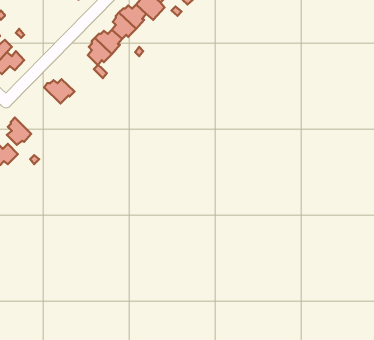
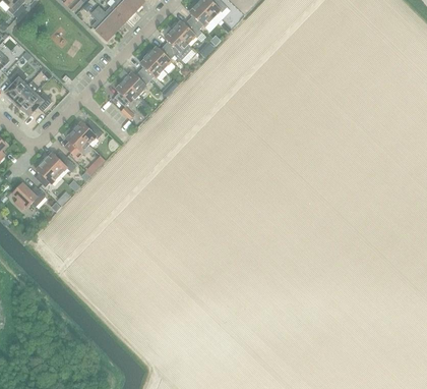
building: none -> [63,128,87,159]
building: none -> [42,151,75,175]

